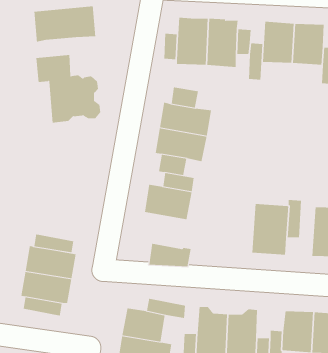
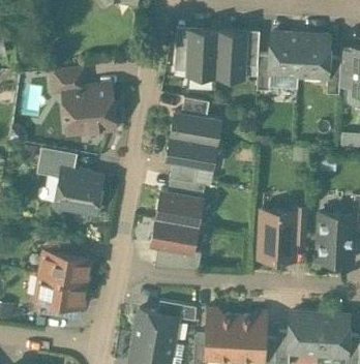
building: [34,5,96,42] -> none
building: none -> [36,149,101,214]
building: none -> [150,219,197,254]

